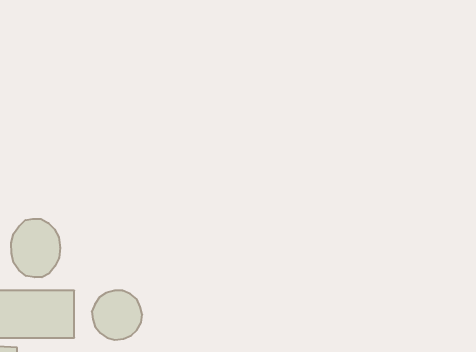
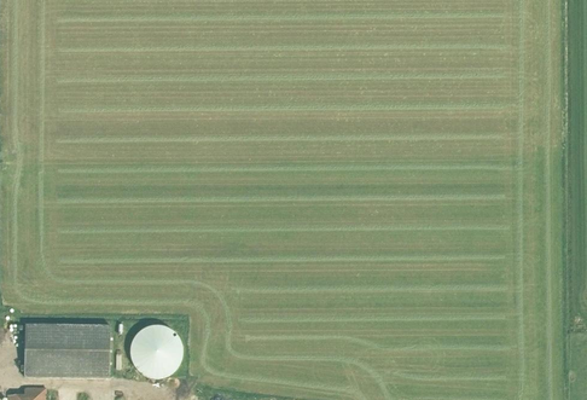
building: [11,219,60,277] -> none

